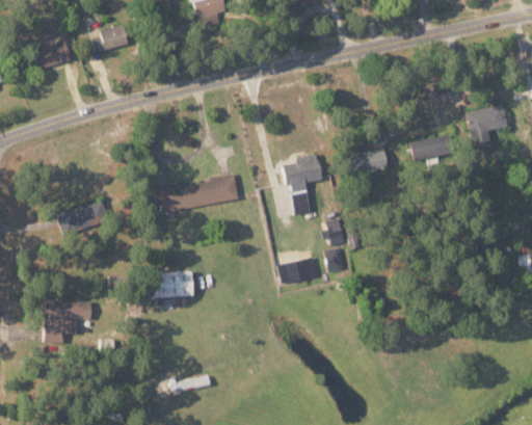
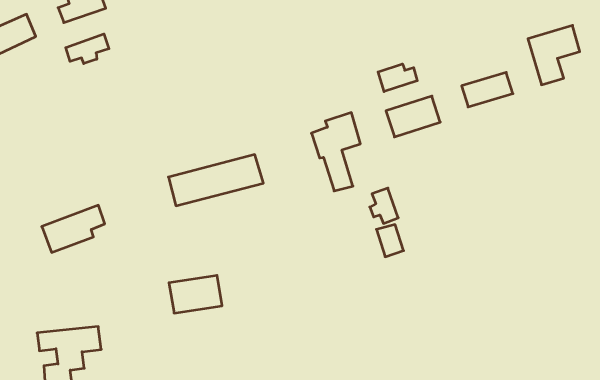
building: none -> [66,34,109,64]
building: none -> [378,64,417,92]

